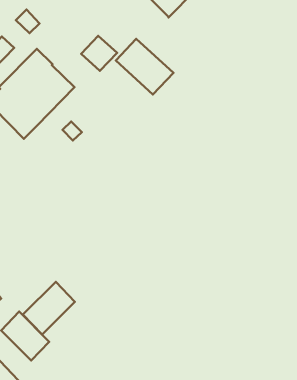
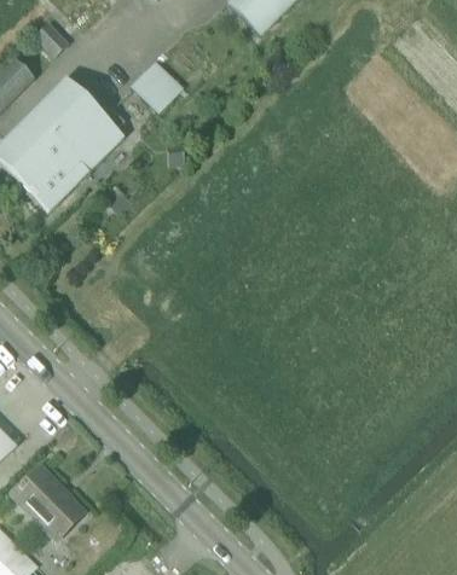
building: [116,39,174,94] -> none
building: [23,282,75,335] -> none

